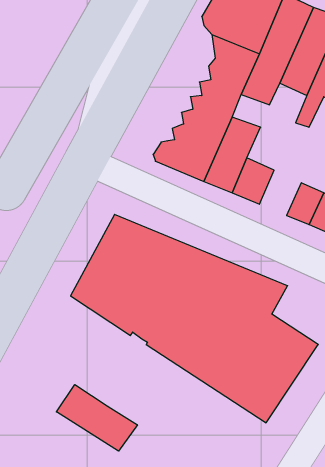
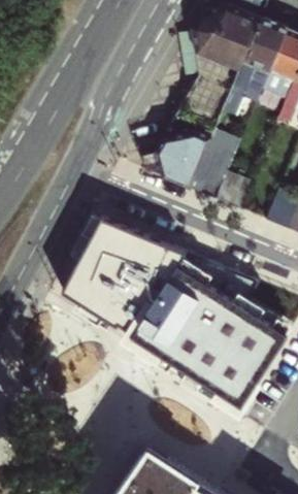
building: [56,385,137,451] -> none

